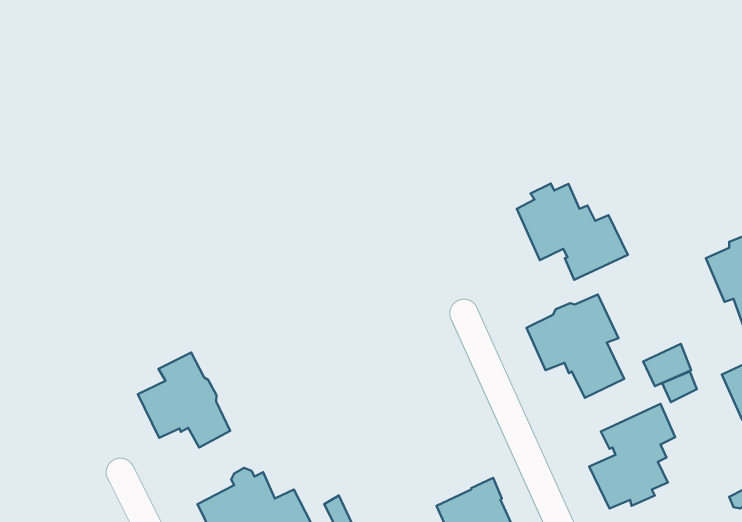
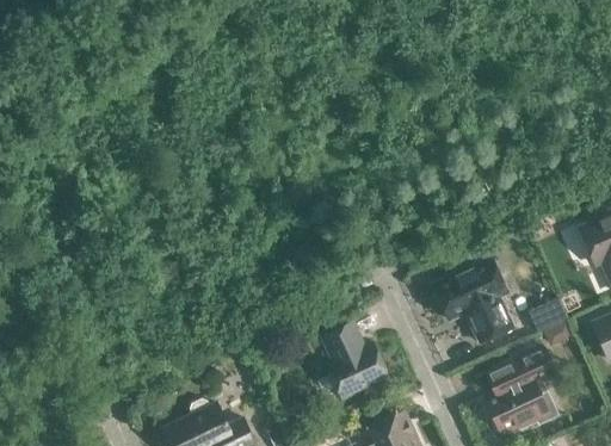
building: [517,183,628,280] -> none
building: [138,353,230,447] -> none
building: none -> [322,322,389,402]

